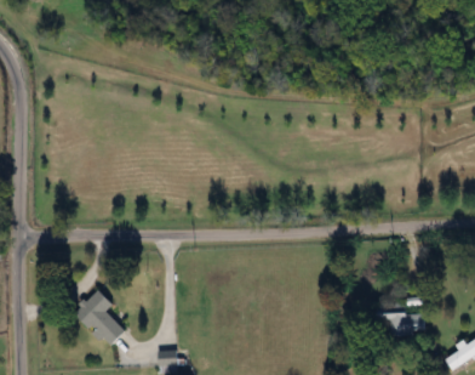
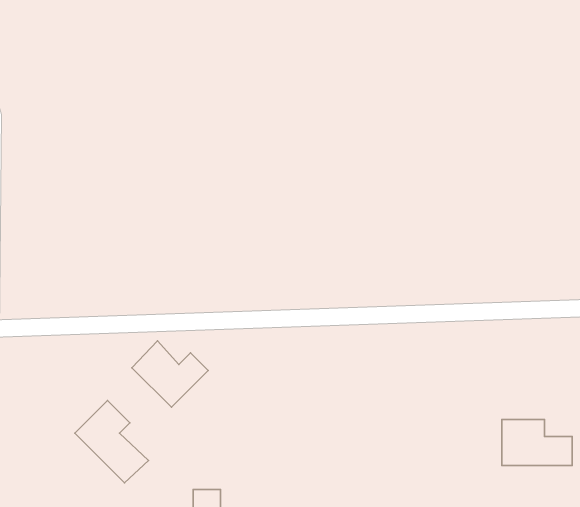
building: none -> [132,341,208,407]

